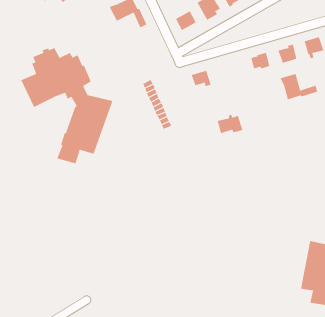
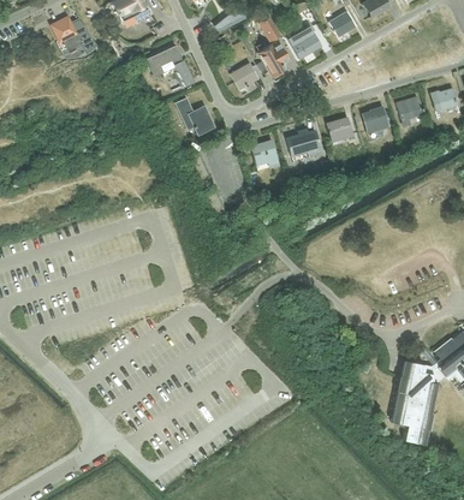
building: none -> [177,97,213,133]
building: [20,47,113,164] -> none
building: [280,73,318,100] -> none
building: [217,114,243,134] -> [287,129,321,154]

